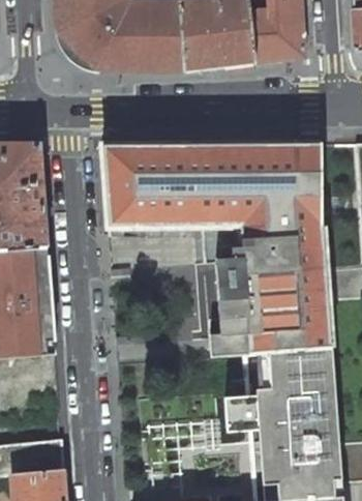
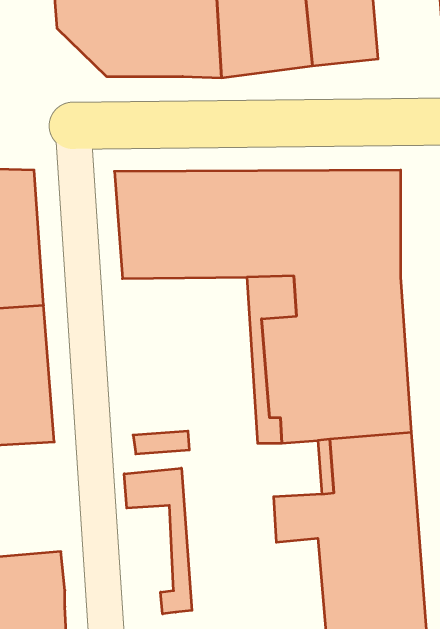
building: none -> [124,468,192,614]

